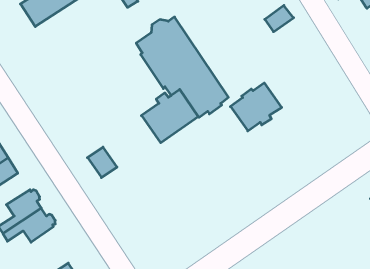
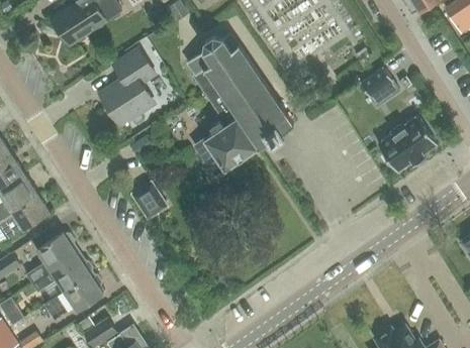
building: [265,5,294,32] -> [361,68,394,98]
building: none -> [101,49,155,124]
building: [230,83,282,131] -> [378,117,438,172]
building: none -> [46,275,104,318]

